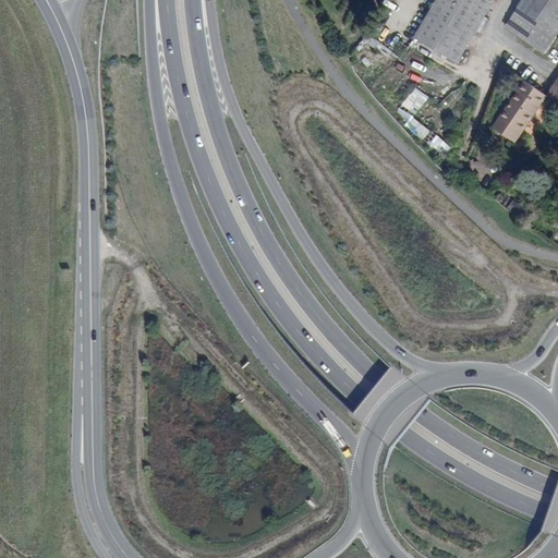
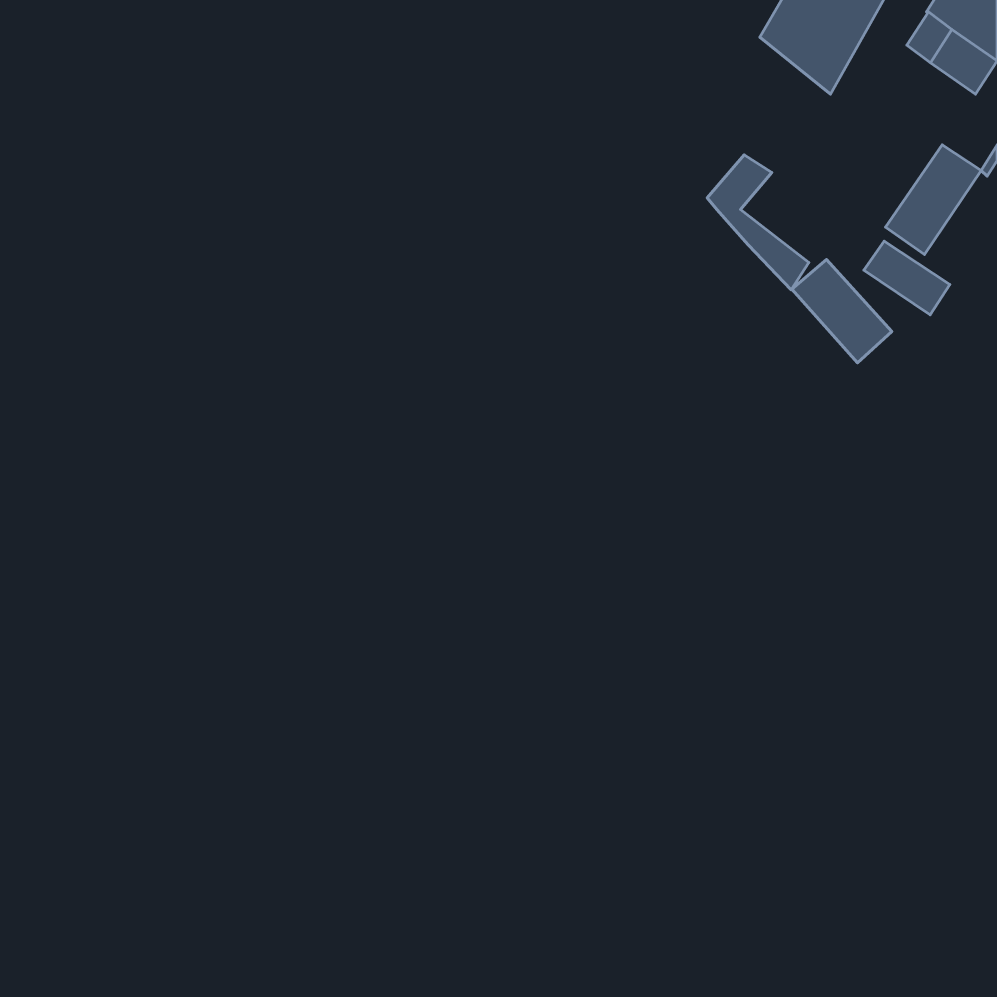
building: [414,21,462,61] -> none
building: none -> [864,241,950,315]
building: none -> [792,259,892,363]

